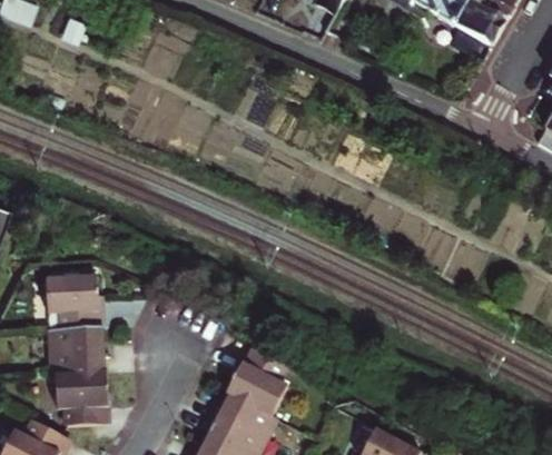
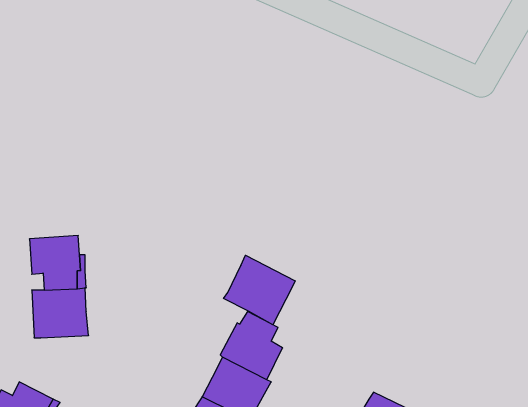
building: none -> [224,255,295,325]
building: [52,375,102,428] -> none

